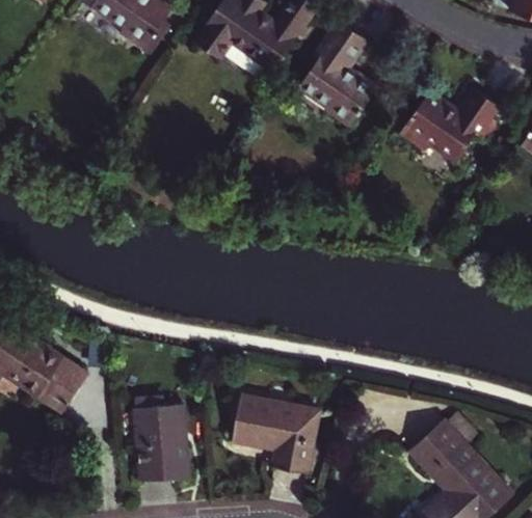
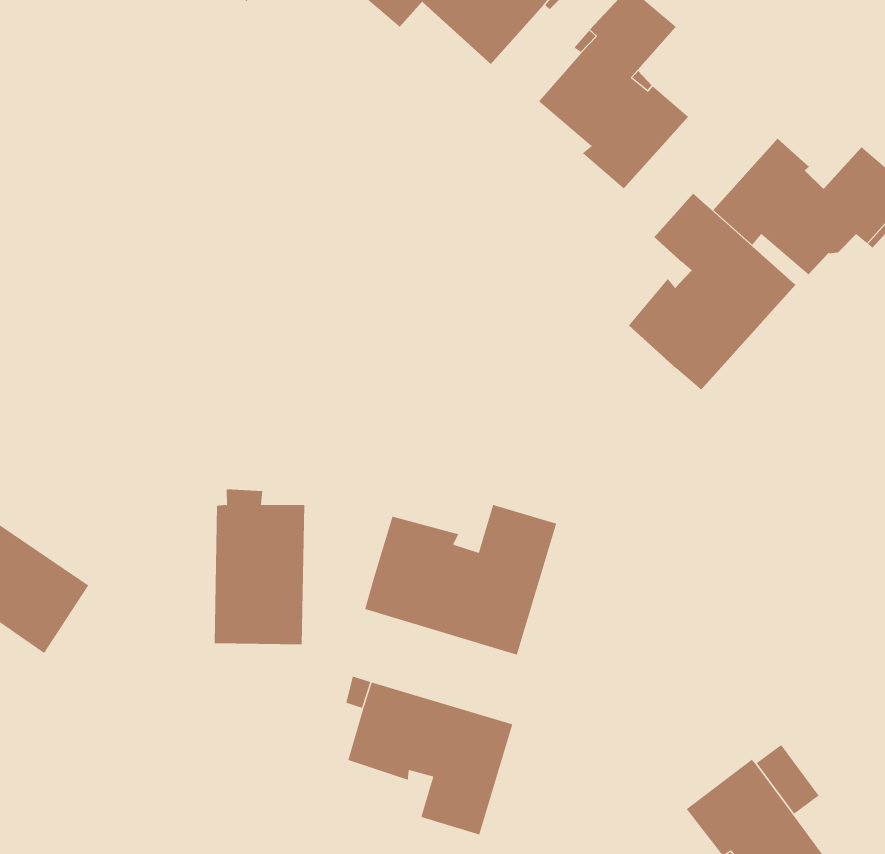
building: none -> [628,193,796,391]
building: none -> [365,504,557,655]
building: [136,400,189,483] -> [214,489,305,645]

